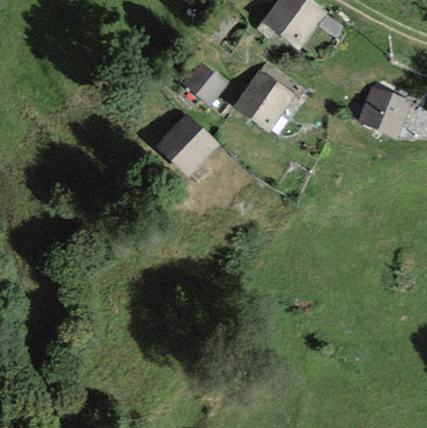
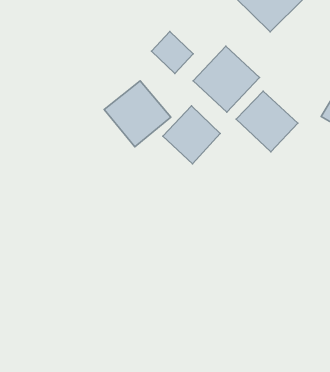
building: none -> [236,91,298,152]
building: none -> [163,106,220,164]

